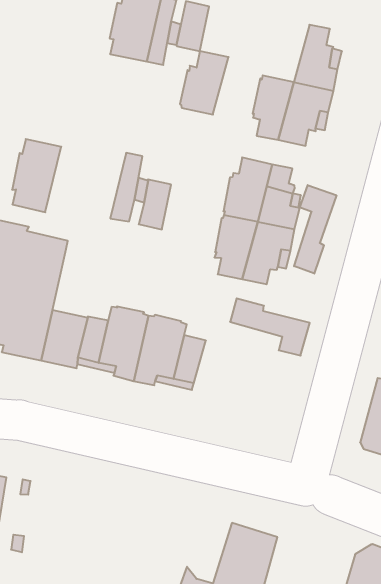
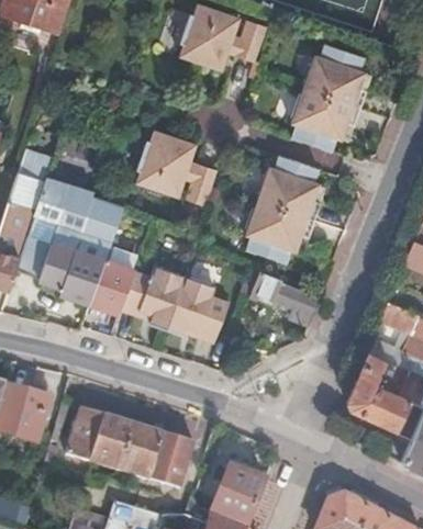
building: [180,51,229,115] -> [302,45,347,99]
building: [12,139,61,212] -> [136,131,182,193]
building: [294,185,336,274] -> none
building: none -> [69,406,192,488]

